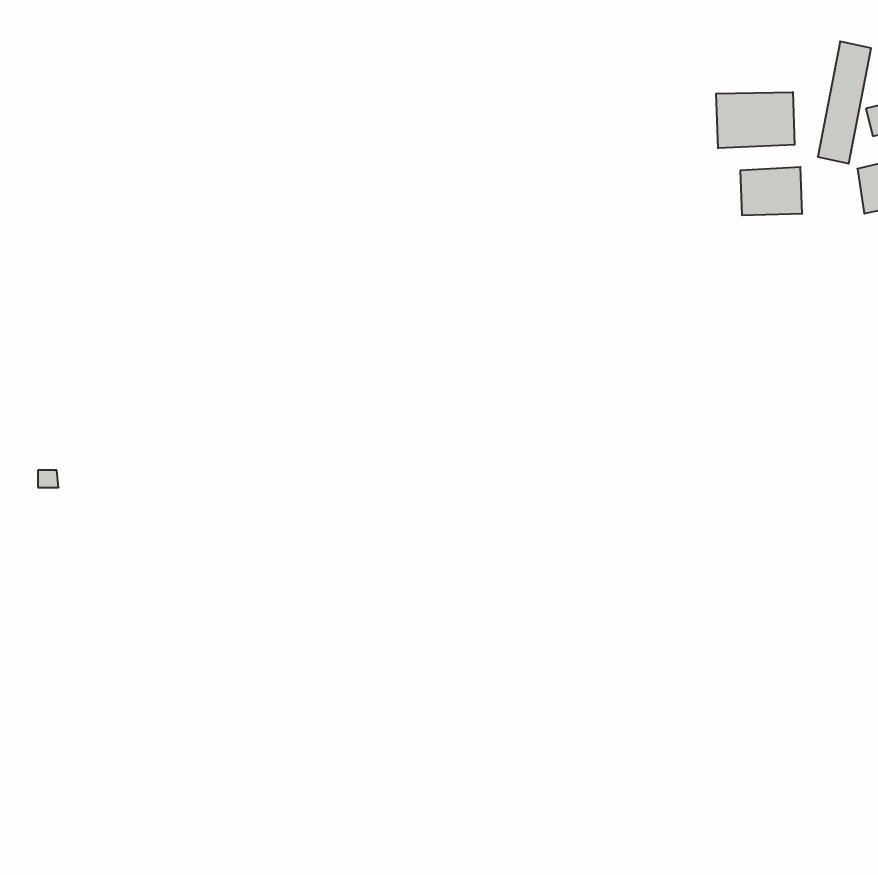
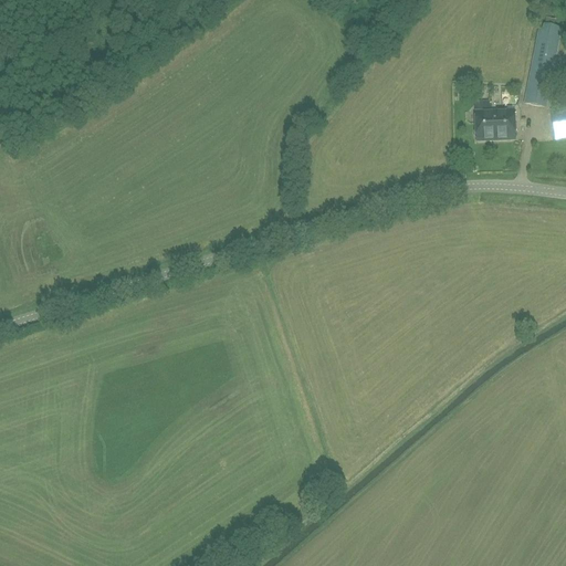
building: [716,92,795,148] -> none

